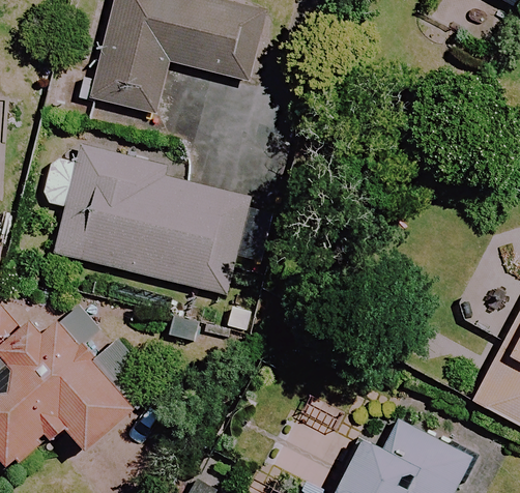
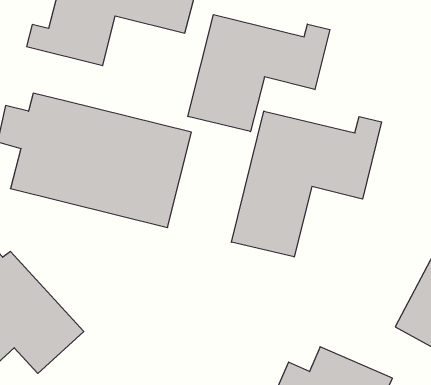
building: none -> [188,15,330,132]
building: none -> [231,111,382,257]

